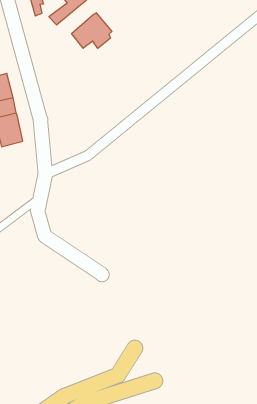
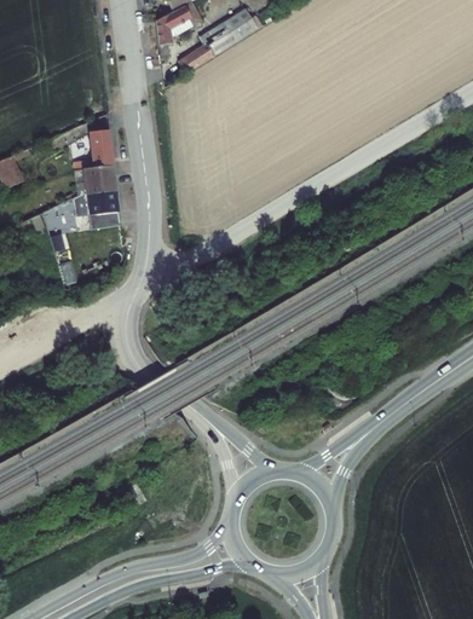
building: [72,13,112,48] -> none

